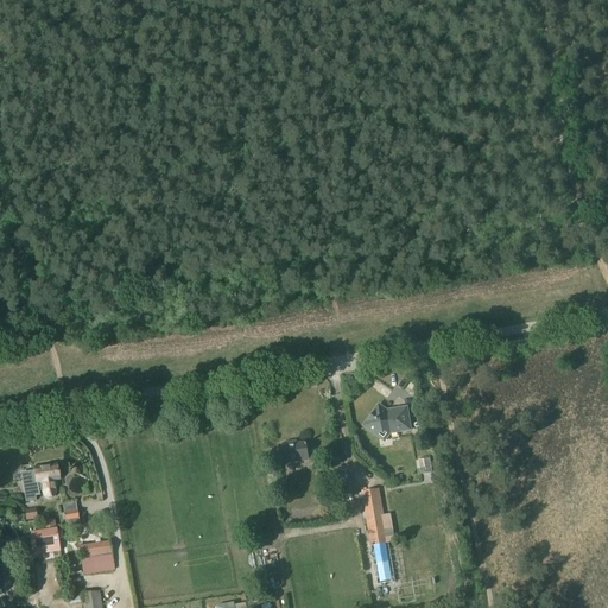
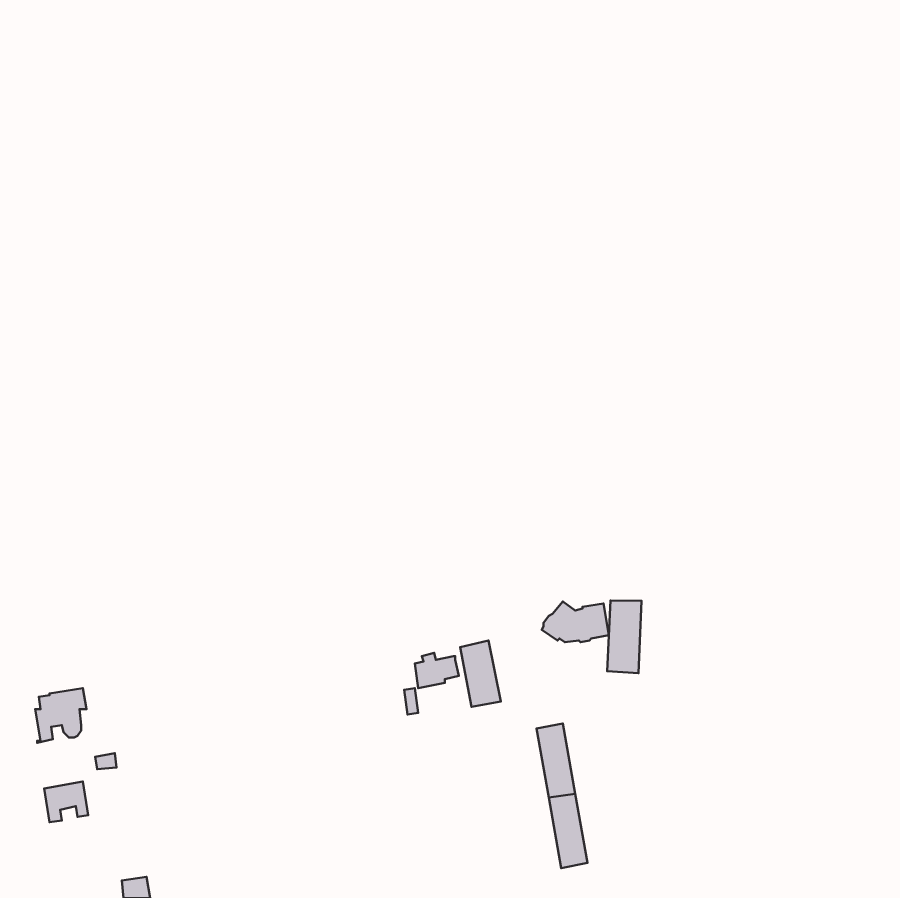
building: none -> [607,601,642,673]
building: none -> [460,640,501,707]
building: [80,539,115,574] -> none

